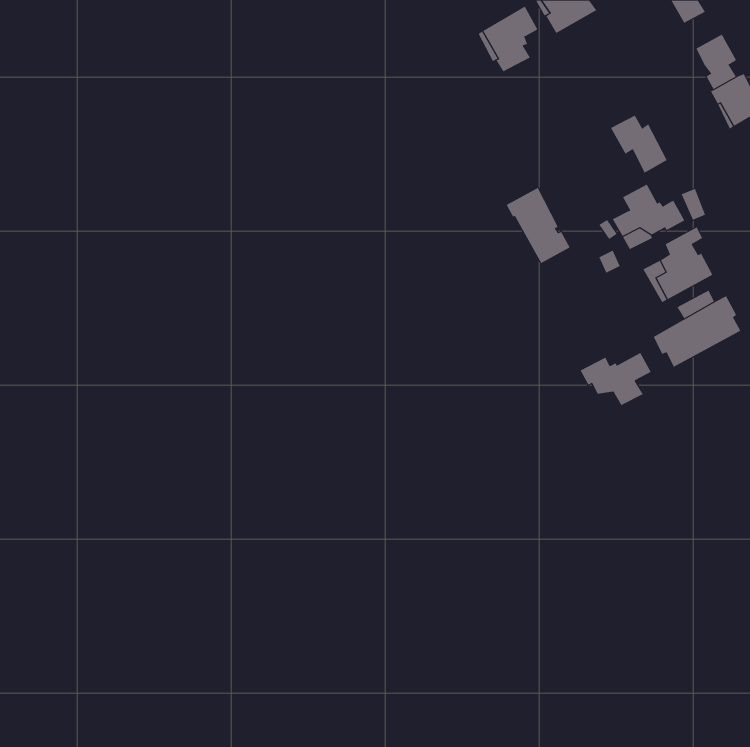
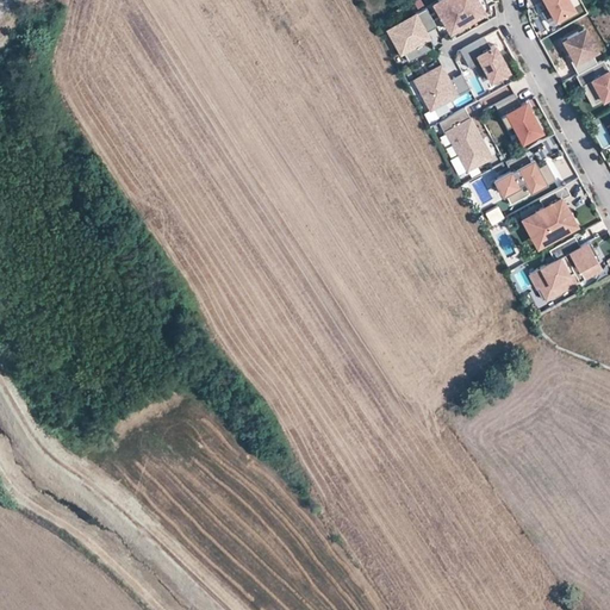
building: none -> [461,39,510,82]
building: none -> [415,67,471,110]
building: [506,187,570,264] -> [440,110,492,172]
building: [580,352,652,406] -> none

